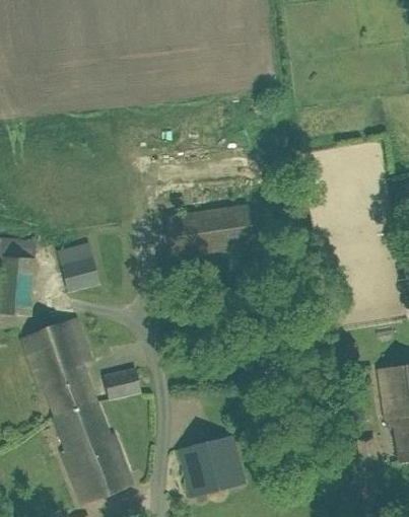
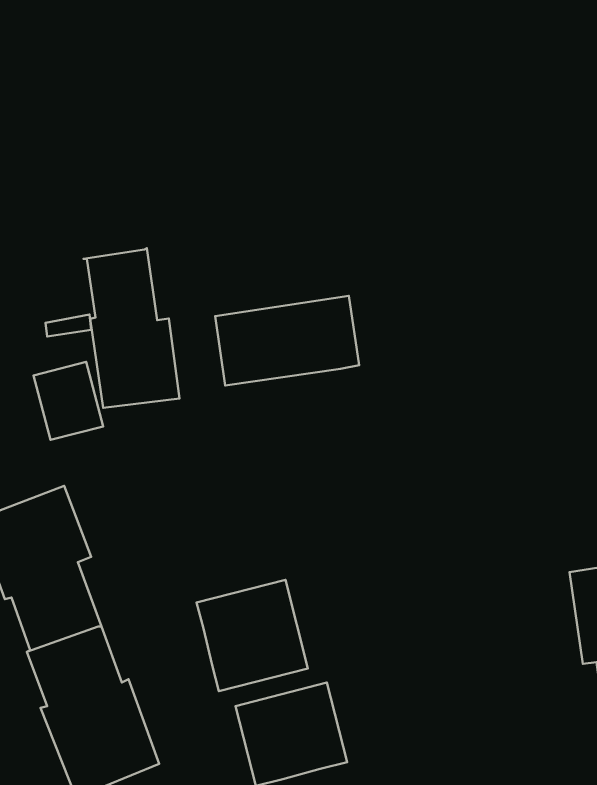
building: none -> [84,248,180,408]
building: [104,368,141,398] -> none
building: none -> [197,580,308,691]

